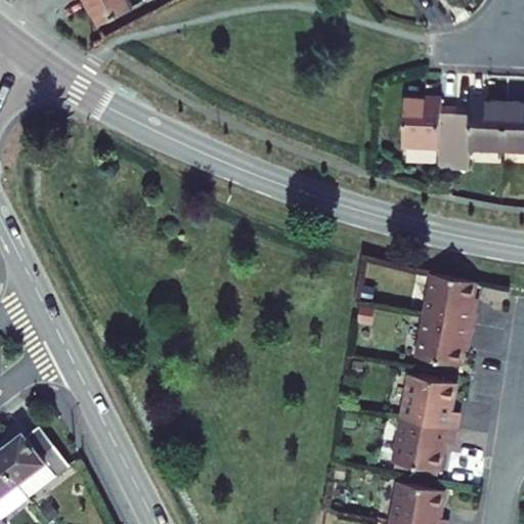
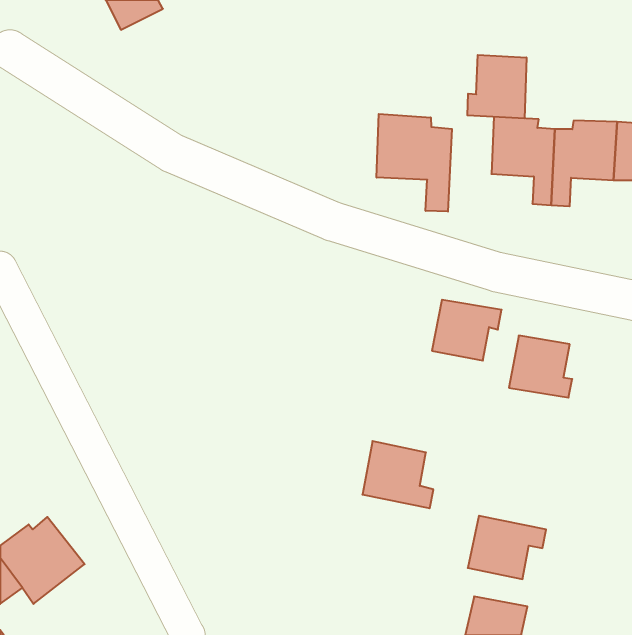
building: none -> [467,55,526,118]
building: none -> [377,114,452,212]
building: [413,319,471,369] -> [432,300,502,361]
building: [397,381,455,436] -> [362,441,433,508]

